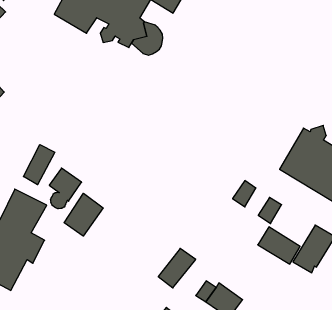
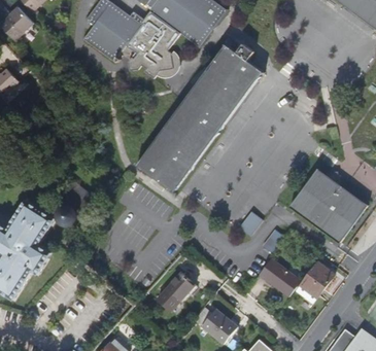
building: none -> [130,40,254,187]
building: [23,145,55,185] -> none
building: [64,193,103,236] -> none

